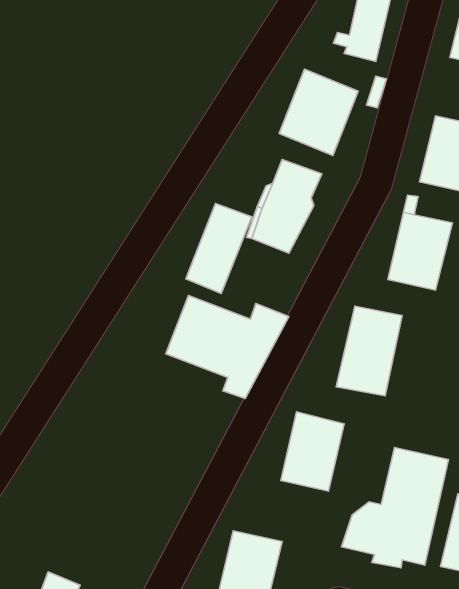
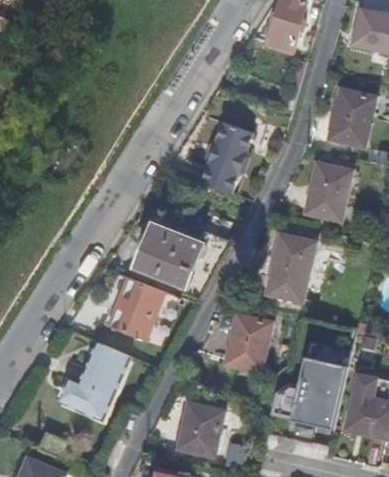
building: [279,69,358,156] -> none
building: [186,204,252,293] -> none
building: none -> [107,276,164,340]
building: none -> [59,341,127,417]

